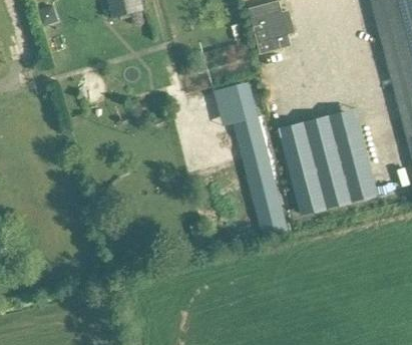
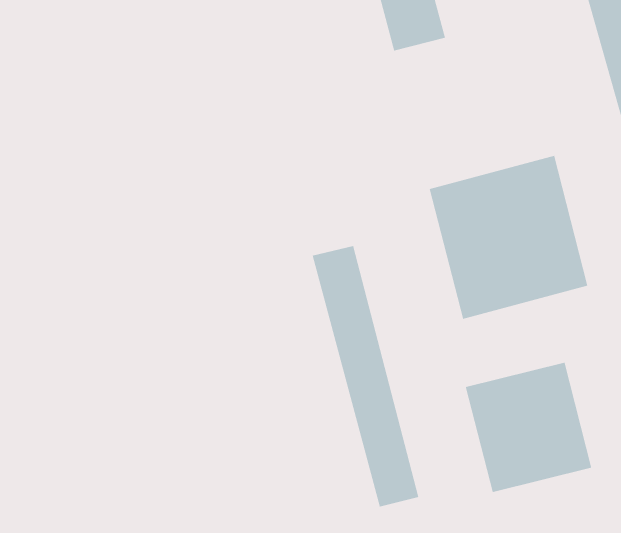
building: [223,81,287,238] -> [312,245,419,507]
building: none -> [465,362,592,493]

